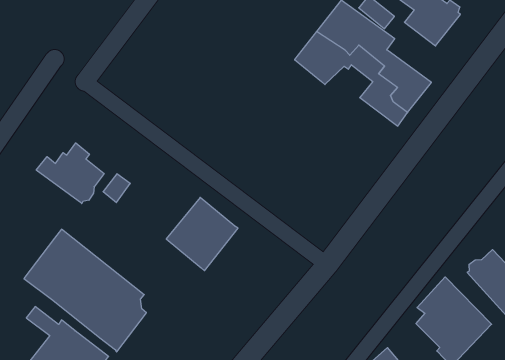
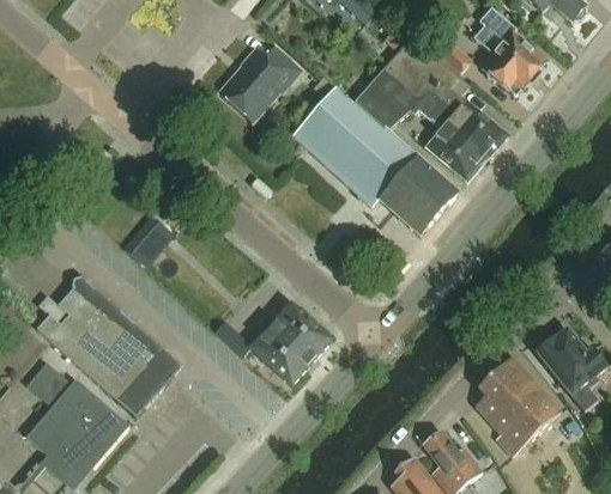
building: none -> [219,47,301,121]
building: none -> [292,89,458,237]
building: [36,143,104,204] -> none
building: [166,197,238,271] -> [249,303,331,385]

